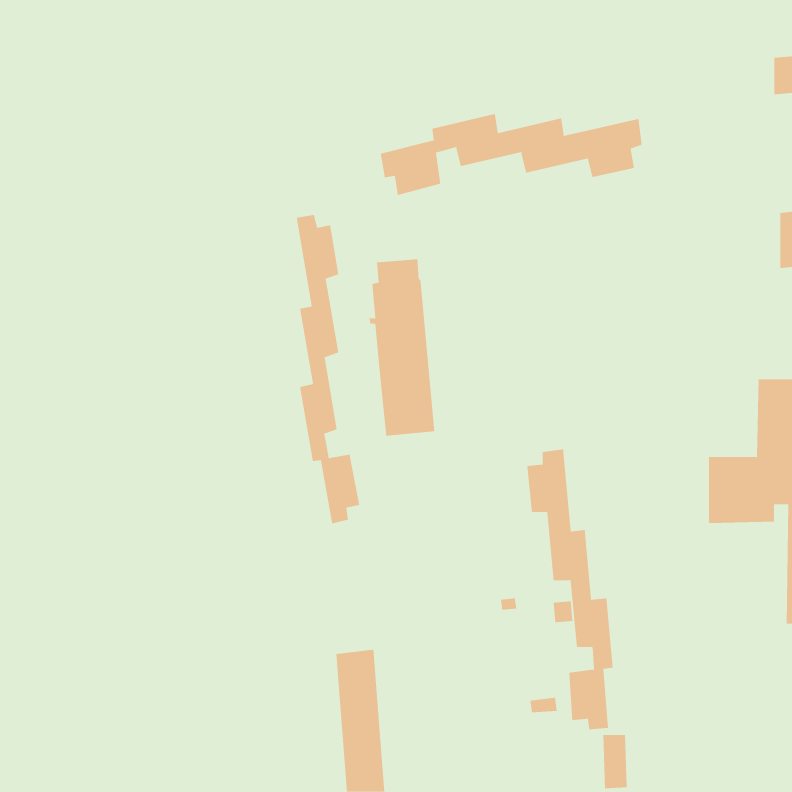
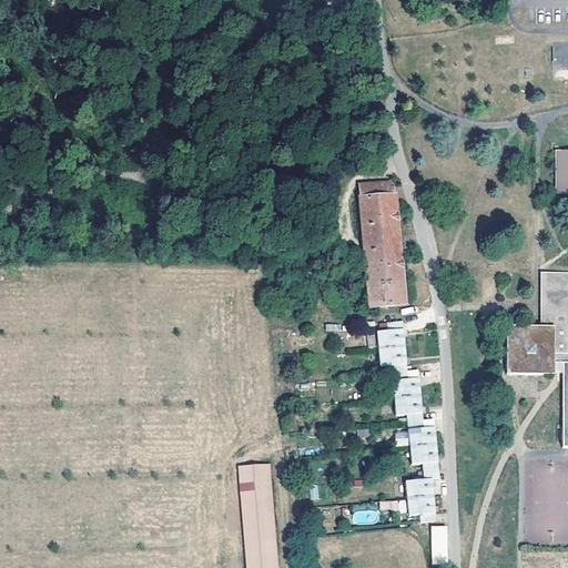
building: [380,113,642,196] -> none
building: [296,214,360,524] -> none
building: [368,259,435,436] -> [357,181,405,307]

